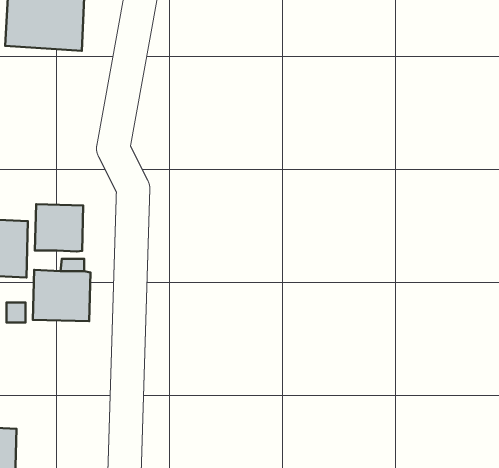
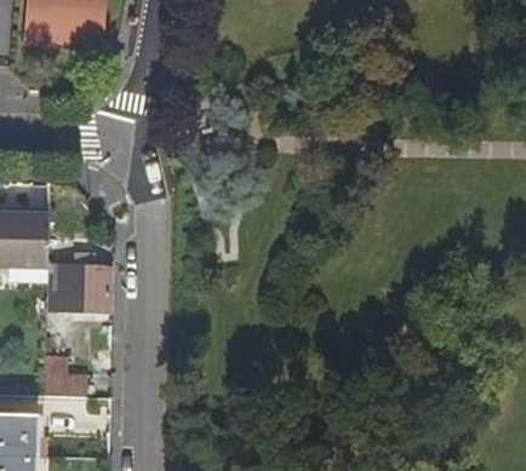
building: [35,204,83,252] -> none
building: none -> [44,357,86,396]

